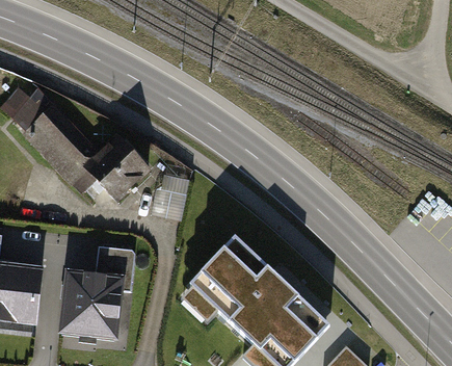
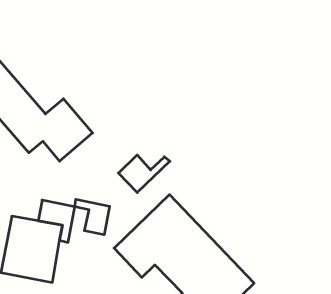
building: none -> [118,155,170,193]
building: none -> [75,199,110,235]

